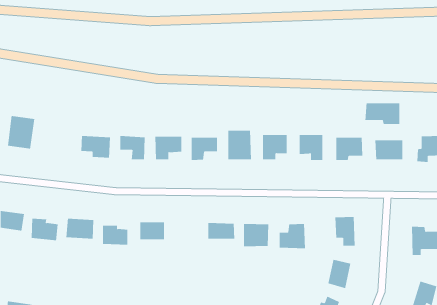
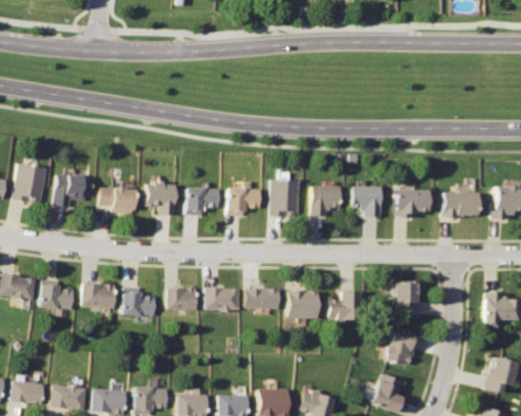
building: [365,102,400,125] -> none
building: none -> [53,174,91,207]
building: none -> [207,289,240,310]

